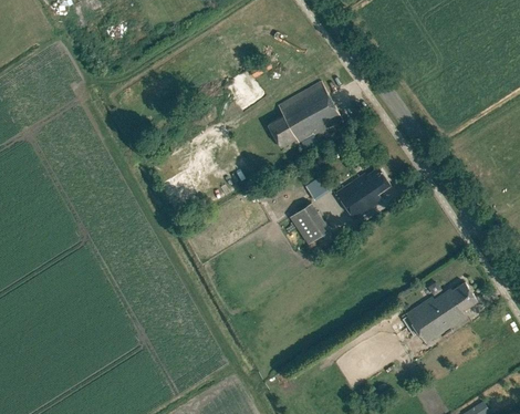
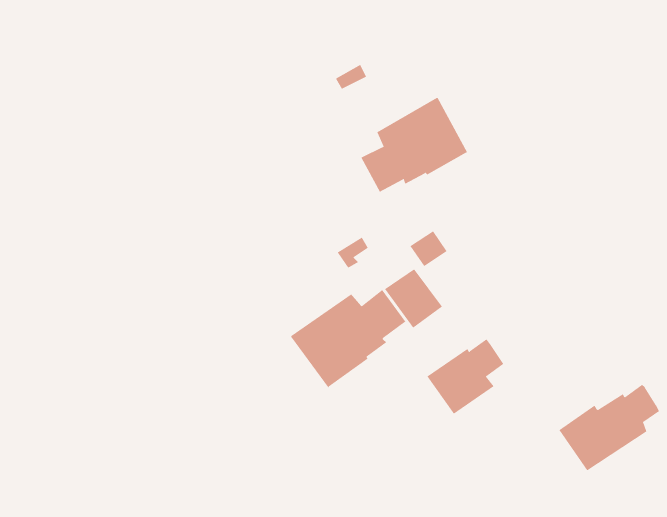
building: [337,166,392,219] -> [427,339,504,415]
building: none -> [290,289,406,388]

